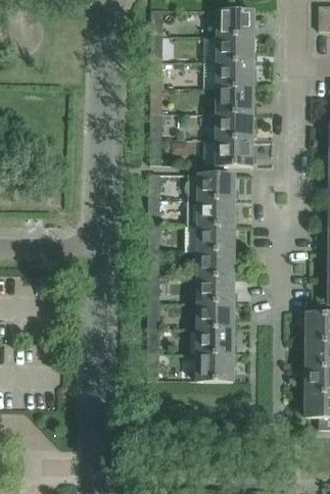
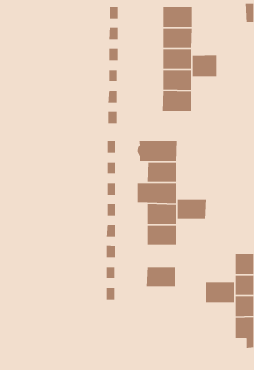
building: none -> [192,54,217,77]
building: [216,138,252,164] -> none
building: [197,302,234,328] -> [177,199,207,220]
building: [196,353,233,380] -> [205,281,235,303]

